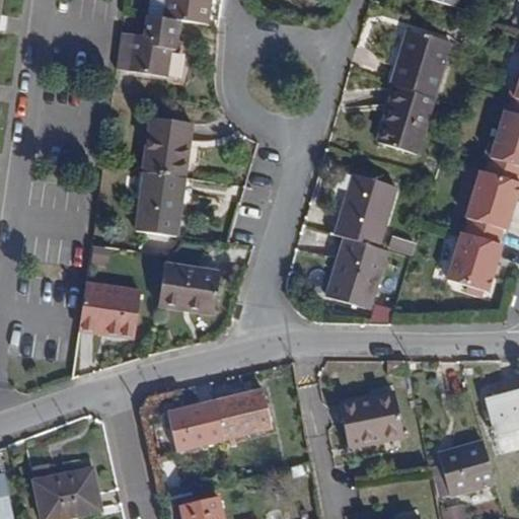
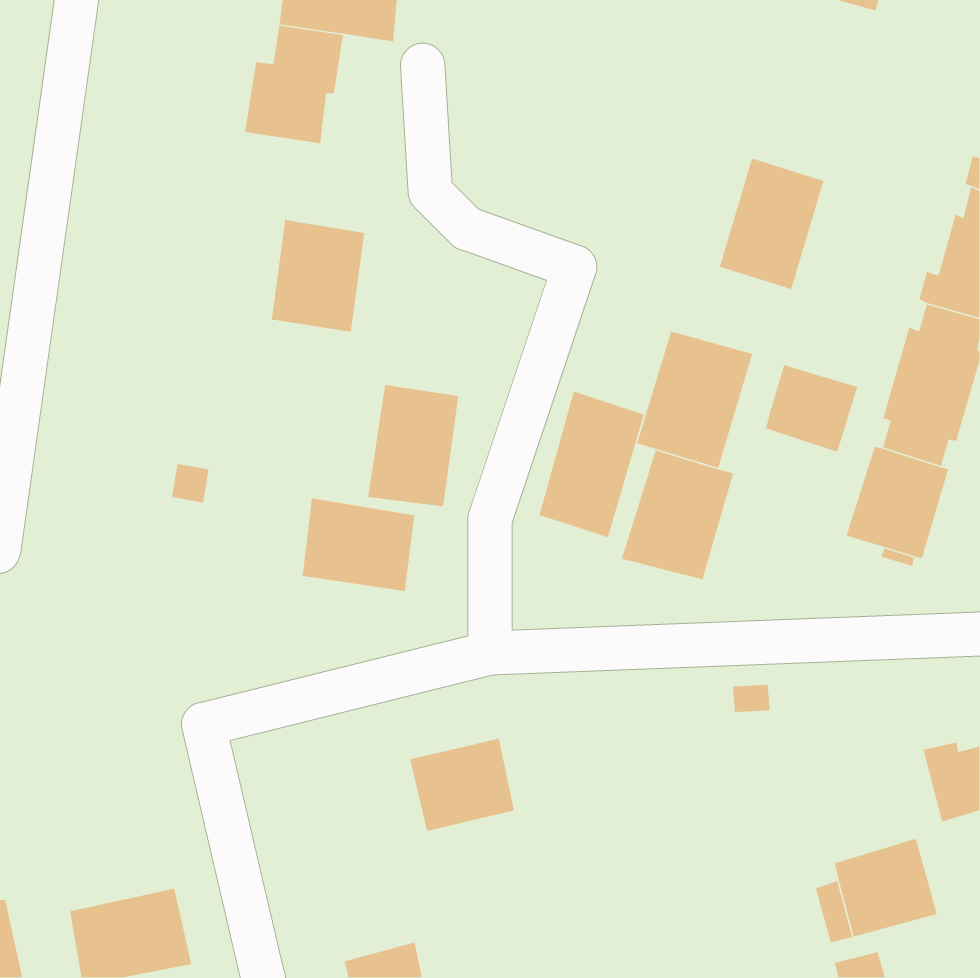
building: [392,28,451,95] -> none
building: [137,169,186,234] -> [367,384,459,507]
building: none -> [765,364,858,453]
building: none -> [539,391,645,538]
building: [80,282,141,336] -> none
building: [340,395,403,445] -> none
building: [168,400,225,450] -> none

